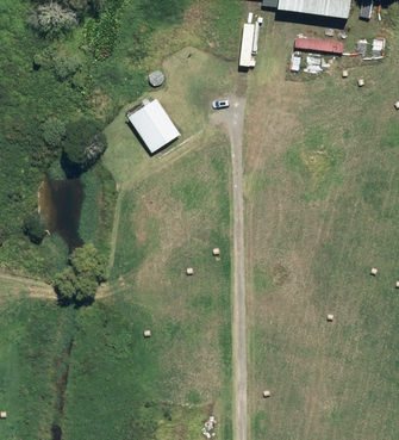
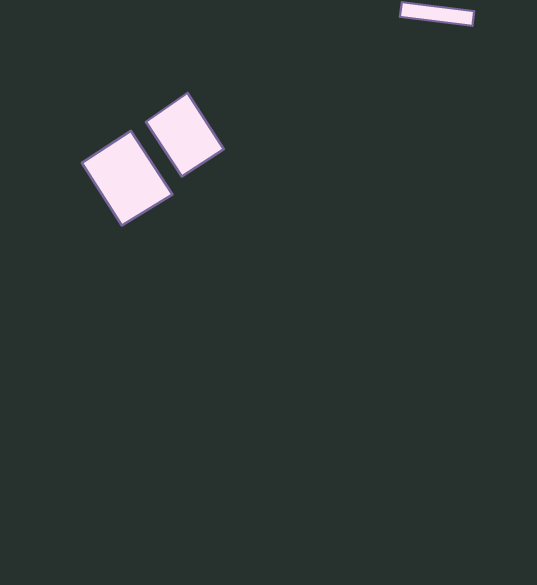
building: none -> [82,131,173,226]

